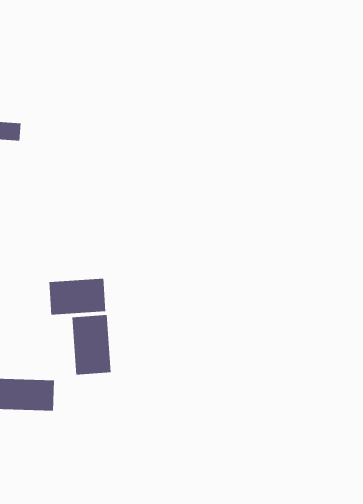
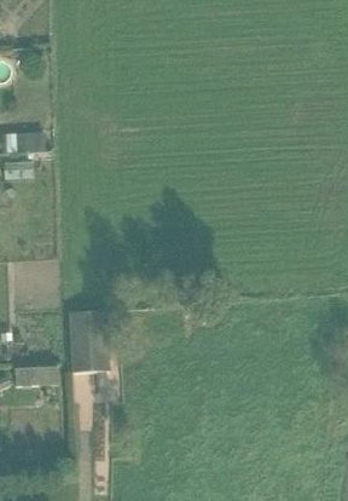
building: [49,278,106,316] -> none

